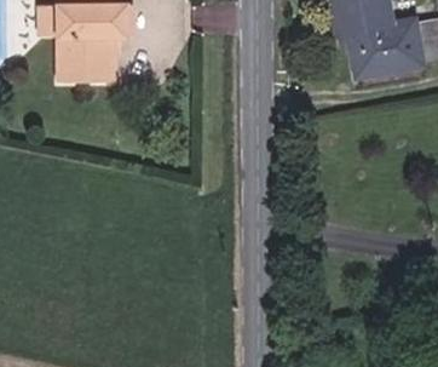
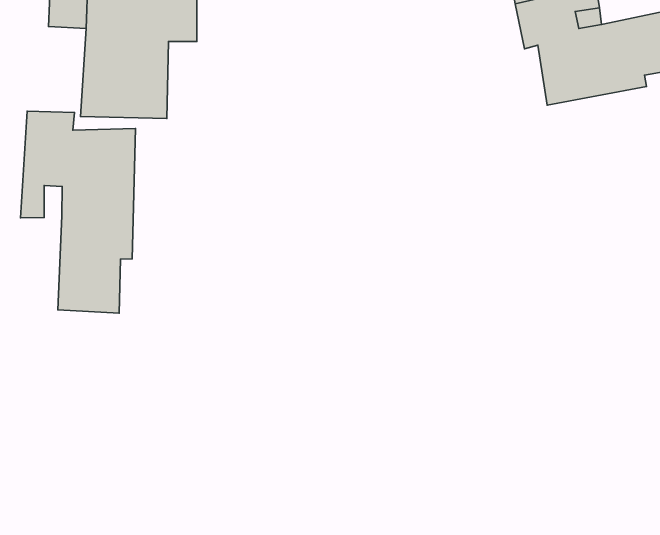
building: none -> [21,111,136,313]

